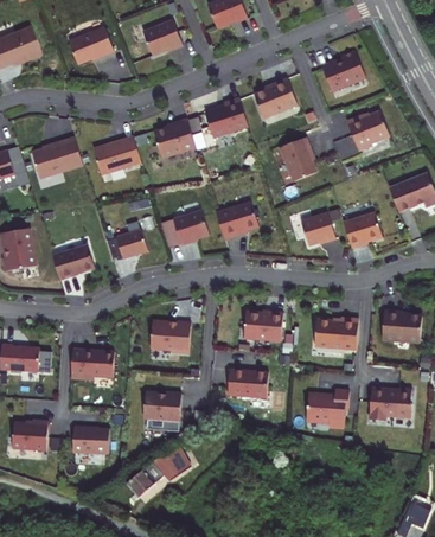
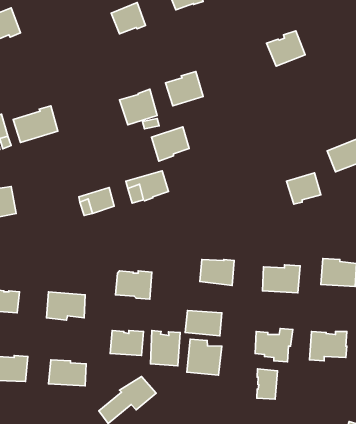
building: [69,27,114,64] -> none
building: [254,78,296,117] -> none
building: [345,111,389,151] -> none
building: [94,135,141,173] -> none
building: [280,136,318,180] -> none
building: [216,200,258,239] -> [152,127,189,161]
building: [301,212,335,245] -> none
building: [52,244,95,280] -> none
building: none -> [150,331,180,366]
building: none -> [187,339,222,375]
building: none -> [257,369,277,399]

